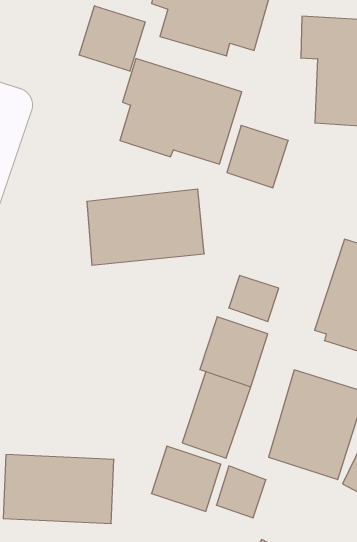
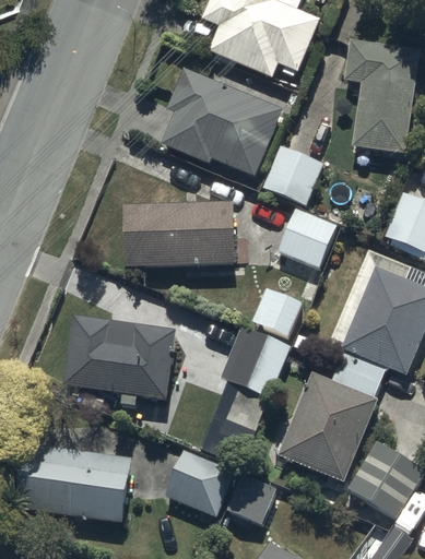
building: [79,6,145,71] -> none
building: none -> [276,206,335,265]
building: none -> [62,313,174,405]

